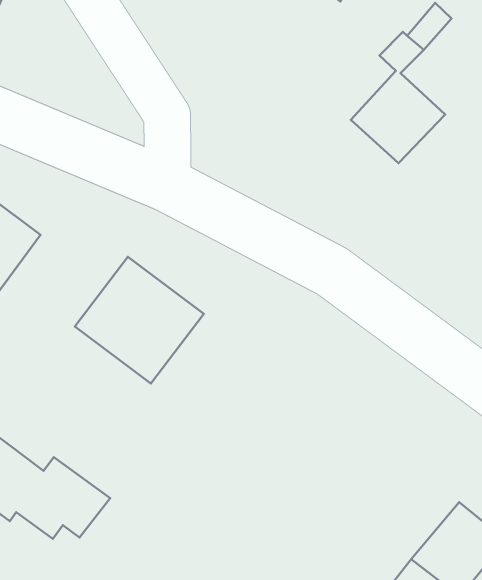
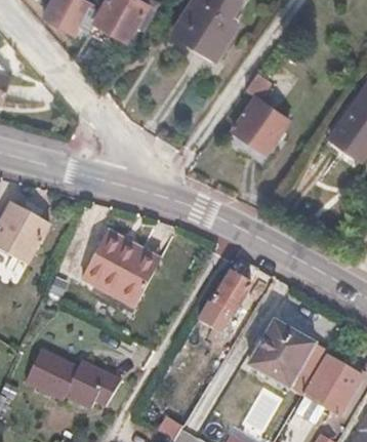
building: none -> [212,274,250,315]
building: none -> [247,319,314,389]

